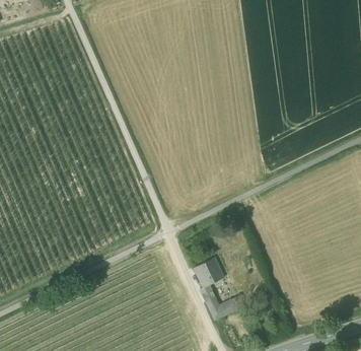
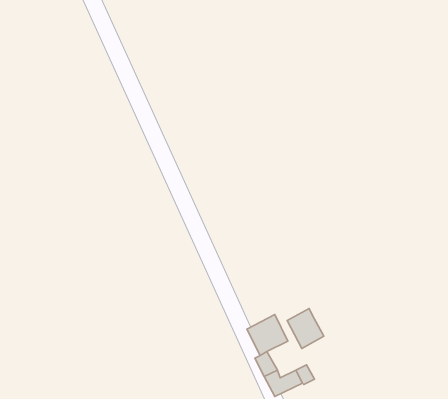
building: none -> [287,308,324,348]

